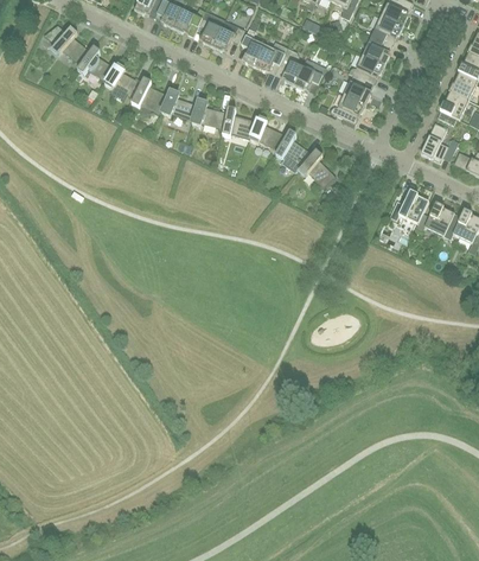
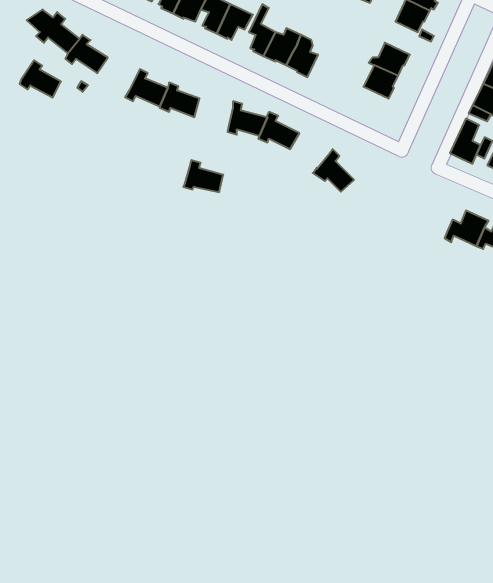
building: [362,36,391,65] -> none
building: [104,64,141,97] -> [20,60,61,97]
building: [293,65,325,94] -> none
building: [330,94,365,123] -> none
building: [191,100,226,128] -> [183,160,223,192]
building: [275,130,312,171] -> none
building: [389,191,428,223] -> none

